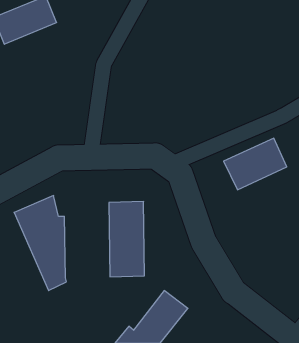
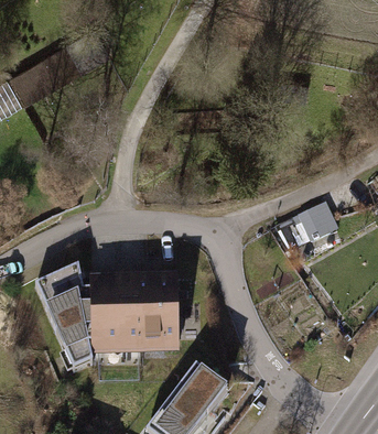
building: none -> [89,272,141,356]

